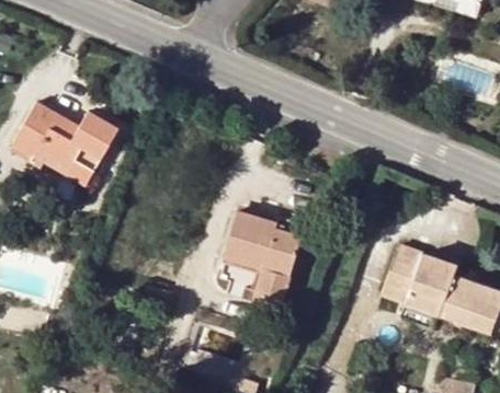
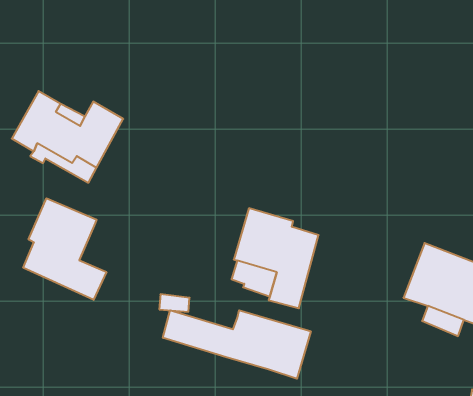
building: none -> [23,198,106,300]
building: none -> [163,310,311,379]

